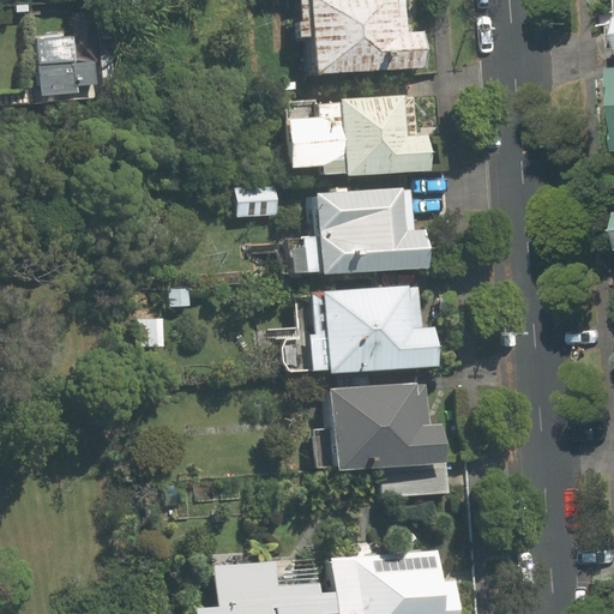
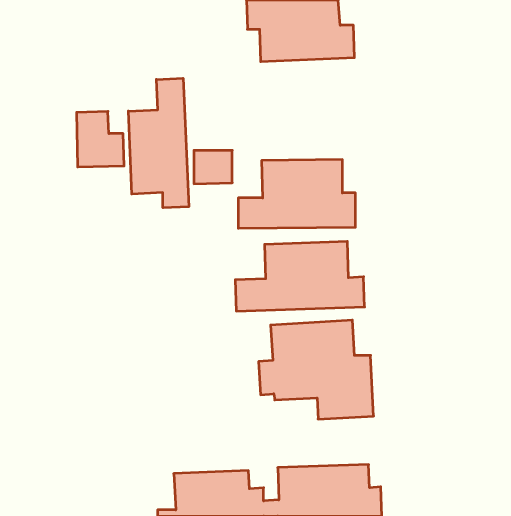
building: [42,32,98,98] -> [77,111,124,167]
building: none -> [128,78,189,208]
building: [290,95,431,177] -> none

